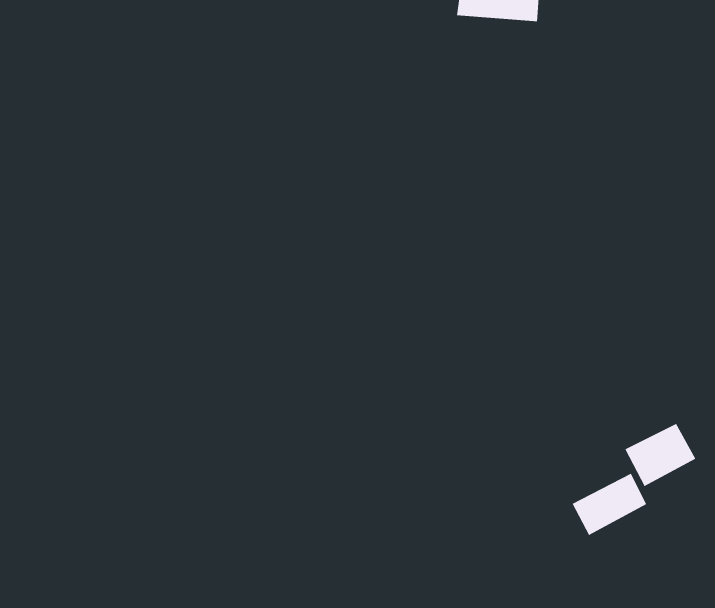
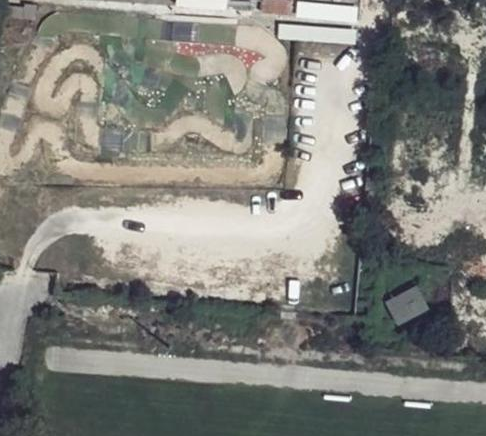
building: [572,473,647,536] -> none

